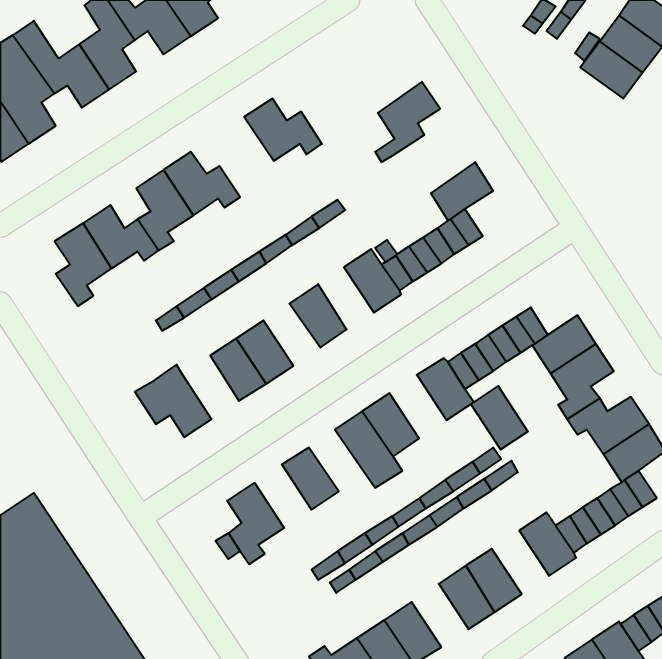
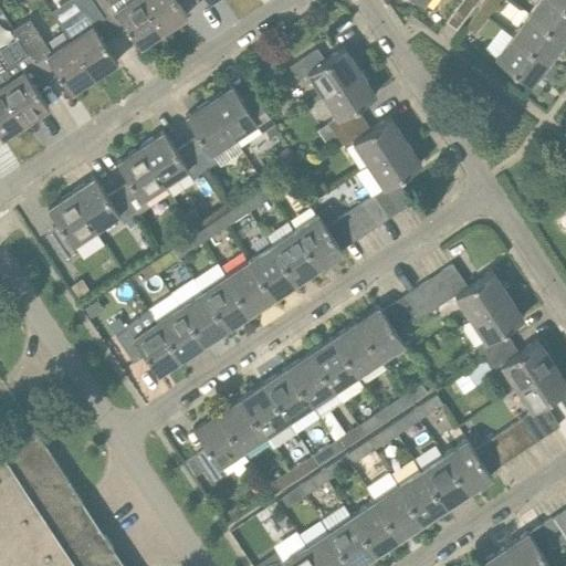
building: none -> [291,50,360,99]
building: none -> [186,103,234,171]
building: none -> [335,118,406,168]
building: none -> [272,231,319,284]
building: none -> [226,262,274,315]
building: none -> [156,306,205,360]
building: [471,386,528,450] -> [333,323,381,377]
building: none -> [264,369,313,422]
building: none -> [218,399,266,453]
building: none -> [420,455,469,510]
building: none -> [352,501,400,555]

